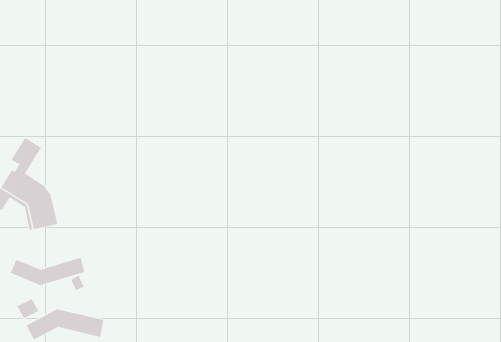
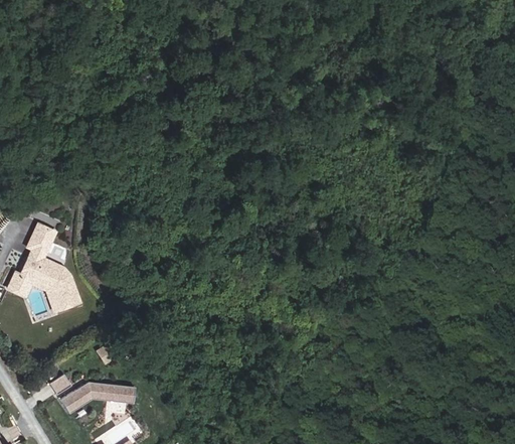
building: [10,257,85,286] -> none

